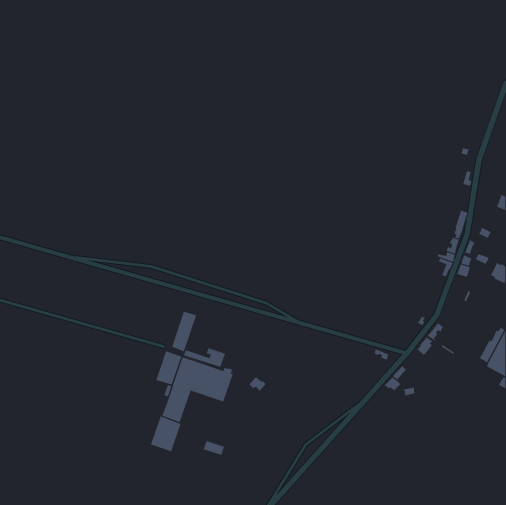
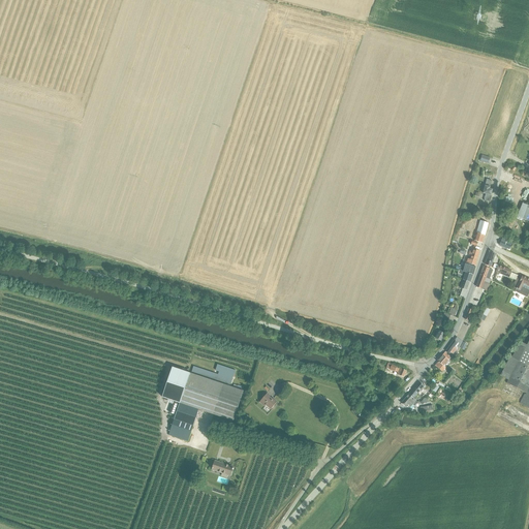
building: [172,311,197,352] -> none
building: [150,416,181,452] -> none

